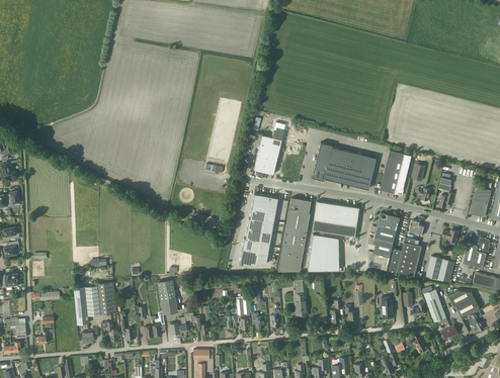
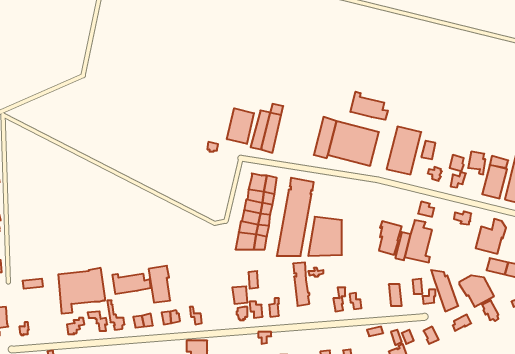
building: none -> [350,92,388,120]
building: none -> [227,108,254,144]
building: [312,201,359,237] -> none
building: [376,212,400,244] -> none
building: [426,256,454,282] -> none
building: none -> [113,274,150,294]

